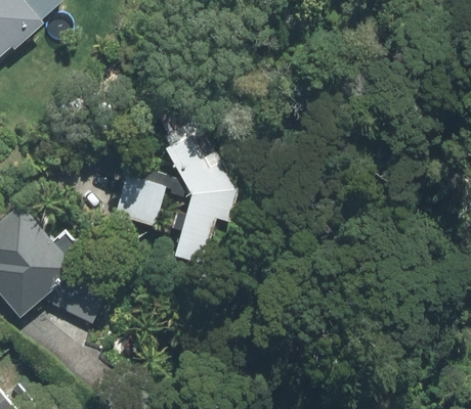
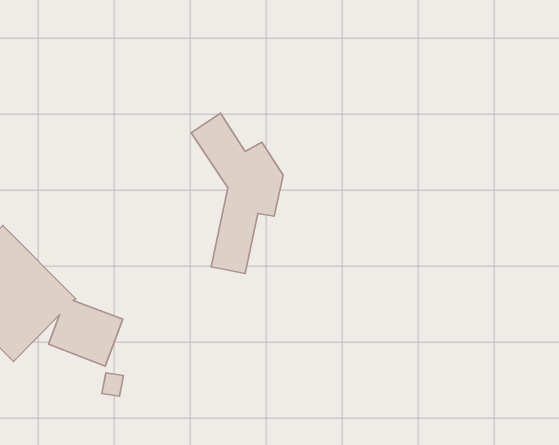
building: [115,174,165,224] -> none

